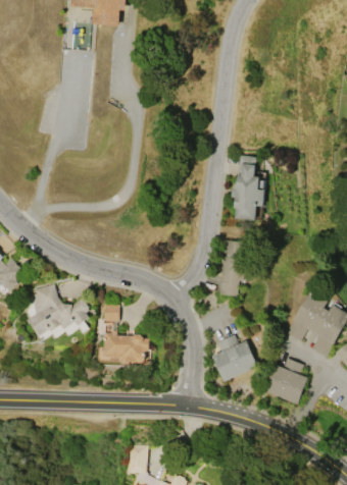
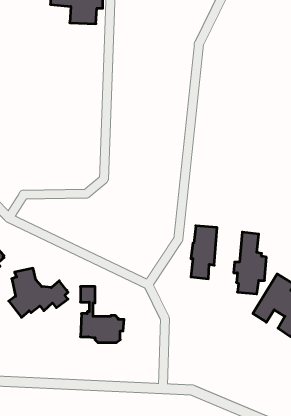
building: [231,156,265,221] -> [234,232,266,294]
building: [213,335,258,382] -> none
building: [263,360,307,405] -> none

